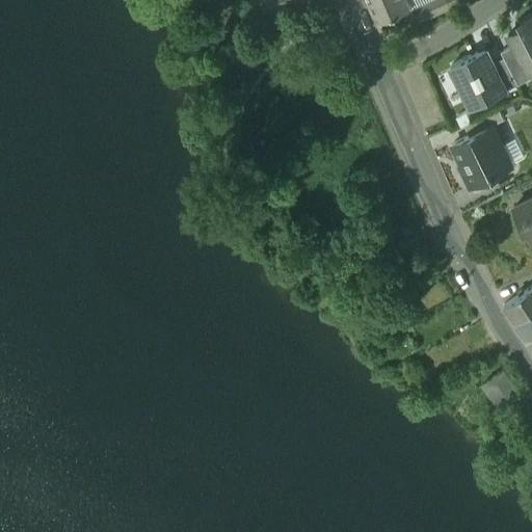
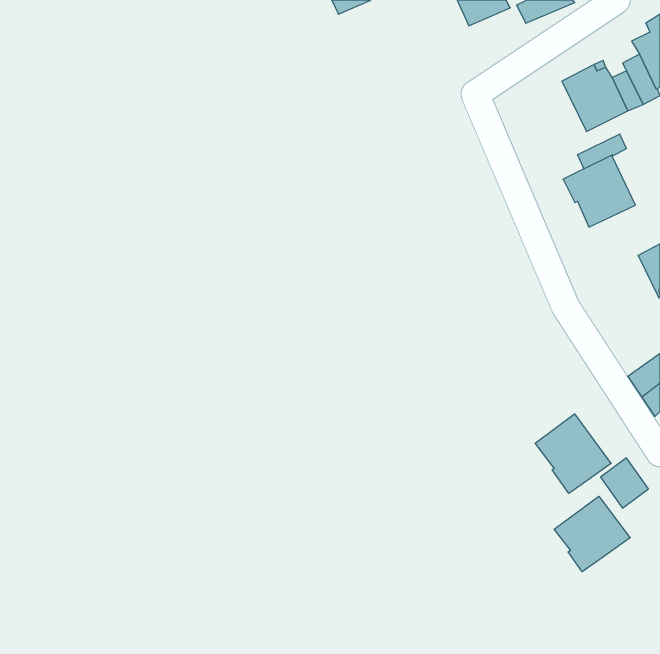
building: none -> [535,414,611,493]
building: none -> [554,496,630,572]

